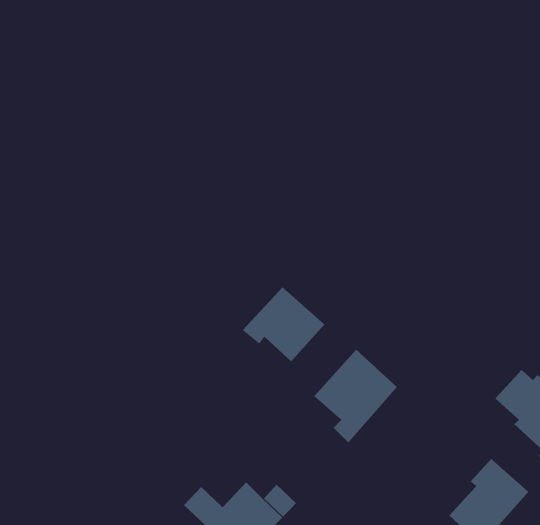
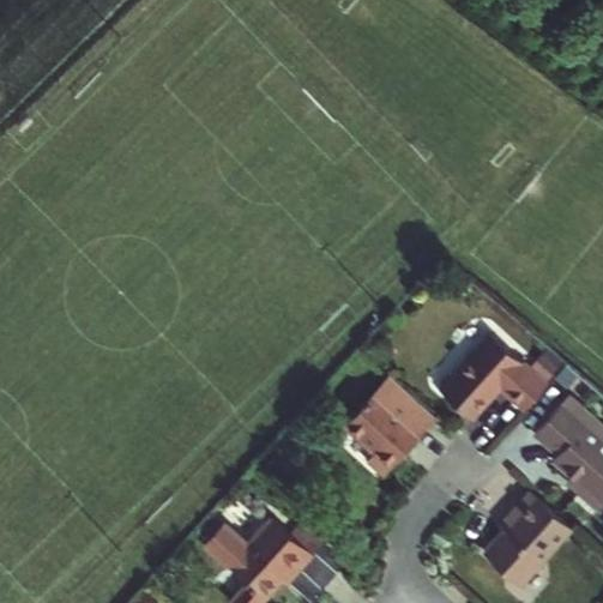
building: [242,286,325,362] -> none
building: none -> [438,337,543,422]

